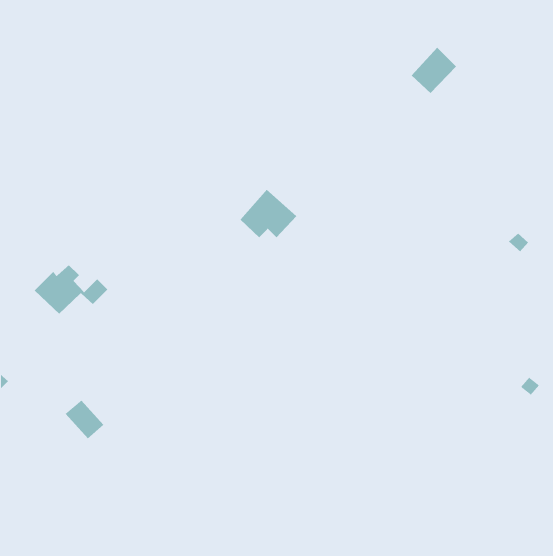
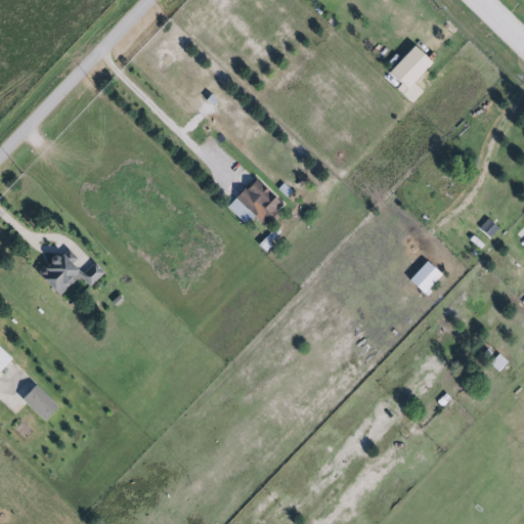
building: none -> [409,260,442,293]
building: [65,400,104,439] -> [21,383,58,420]

